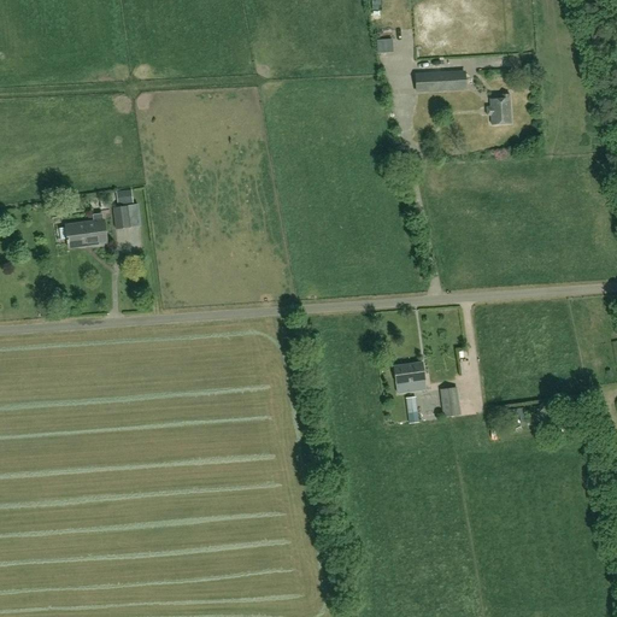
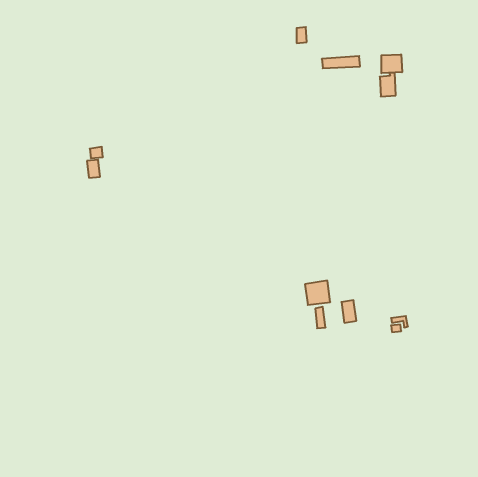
building: none -> [381,54,402,73]
building: [65,213,106,248] -> none

